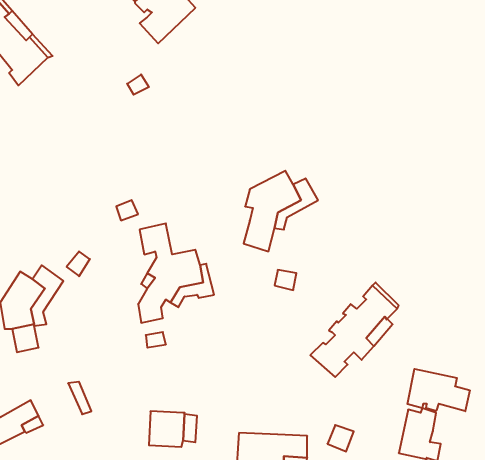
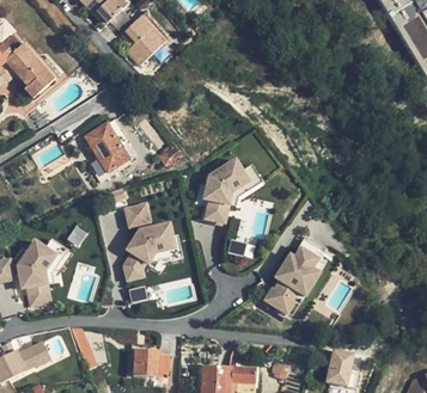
building: none -> [85,117,129,172]
building: [407,369,470,411] -> none

